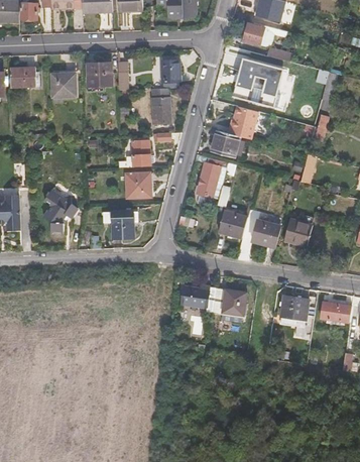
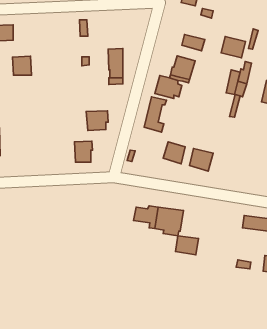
building: [159,60,176,89] -> none
building: [246,60,276,86] -> [221,37,246,58]
building: [87,63,112,87] -> none
building: [51,75,75,98] -> [13,56,31,75]
building: [118,140,150,167] -> none
building: [44,191,76,228] -> none
building: [284,215,314,245] -> none
building: [279,296,308,319] -> [175,236,198,255]

